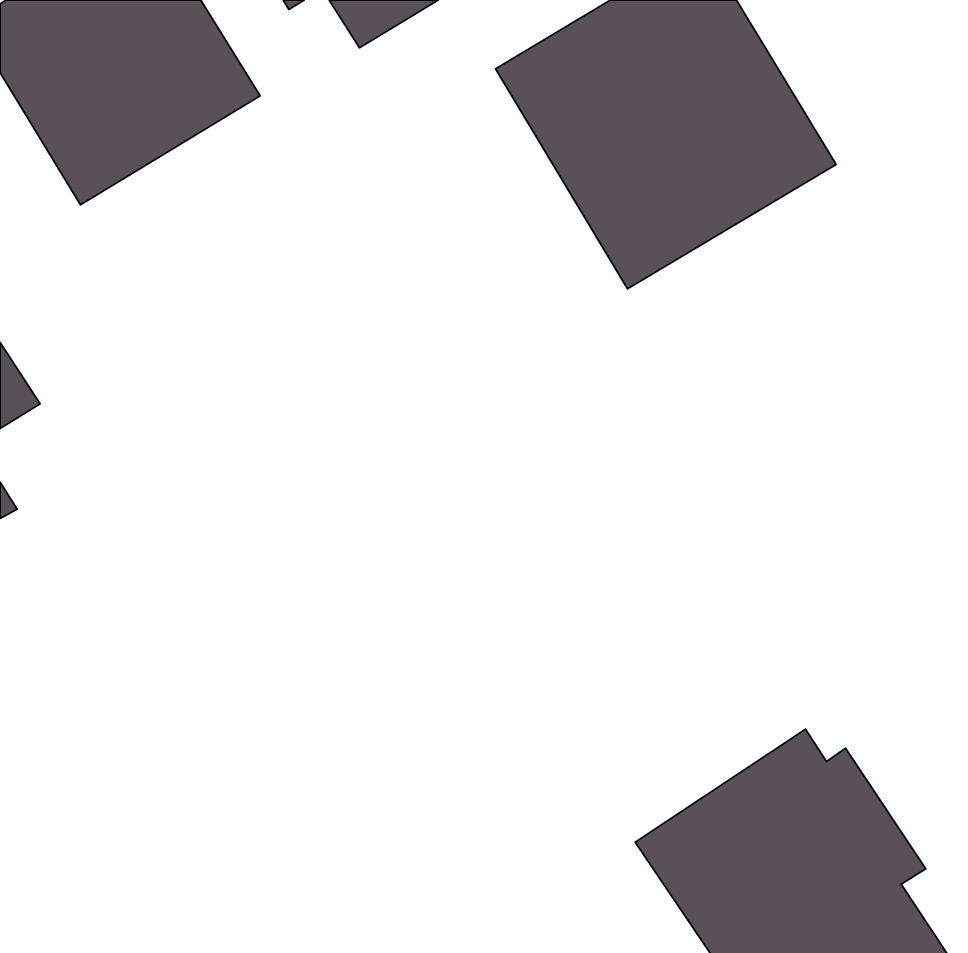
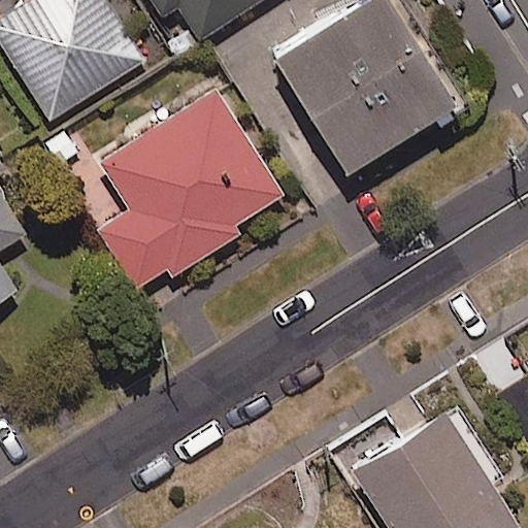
building: none -> [96,90,283,290]

